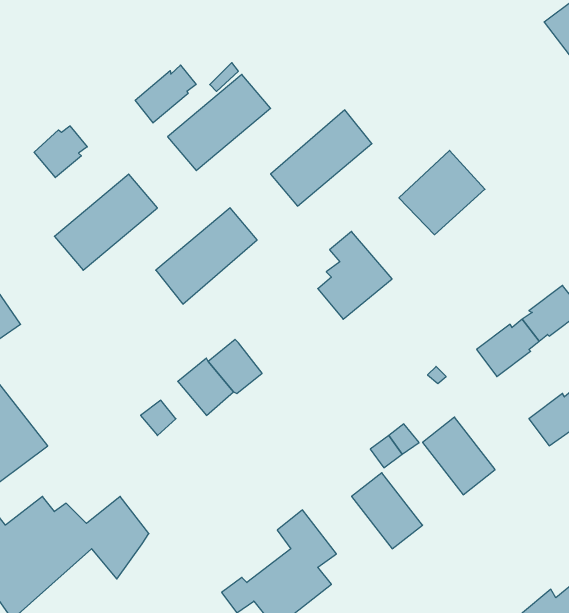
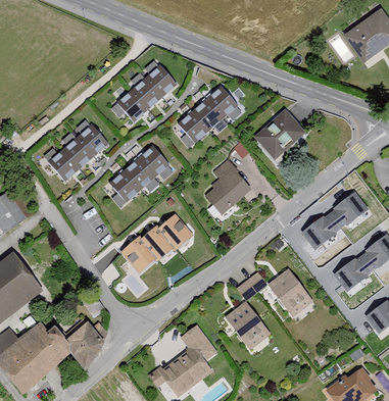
building: [135,65,196,123] -> none
building: [34,126,87,178] -> none
building: none -> [157,213,190,248]

